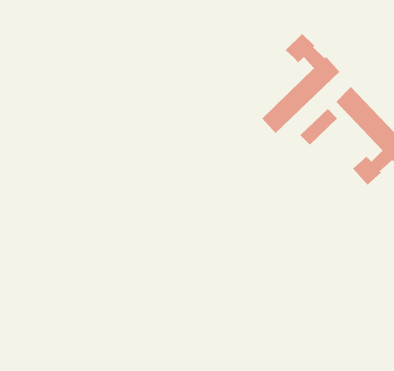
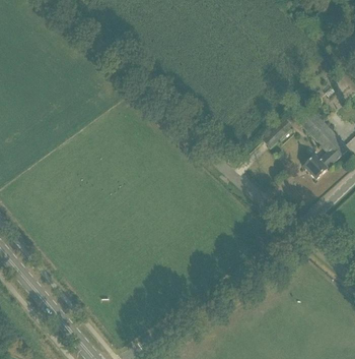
building: [261,33,340,134] -> none

